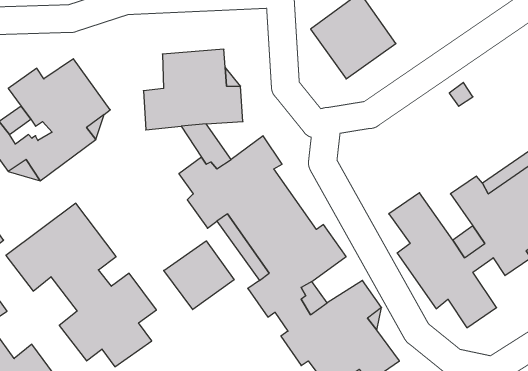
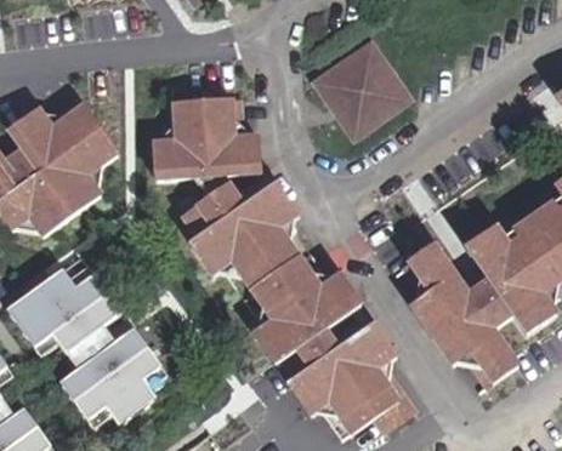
building: [164,241,234,310] -> none

